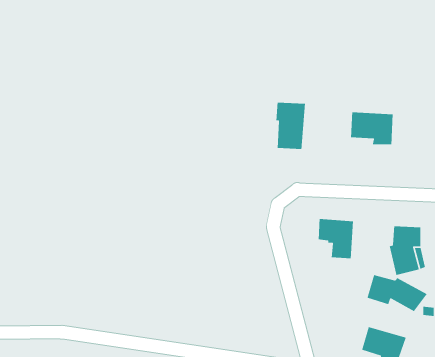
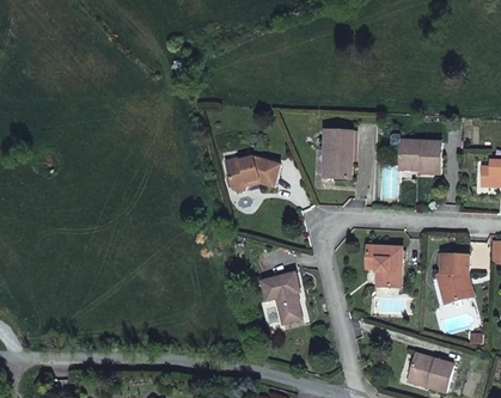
building: none -> [225,157,279,191]
building: none -> [259,271,301,325]
building: [367,274,428,312] -> none

